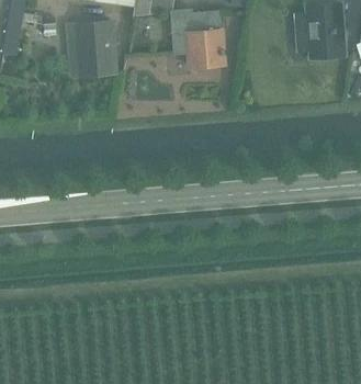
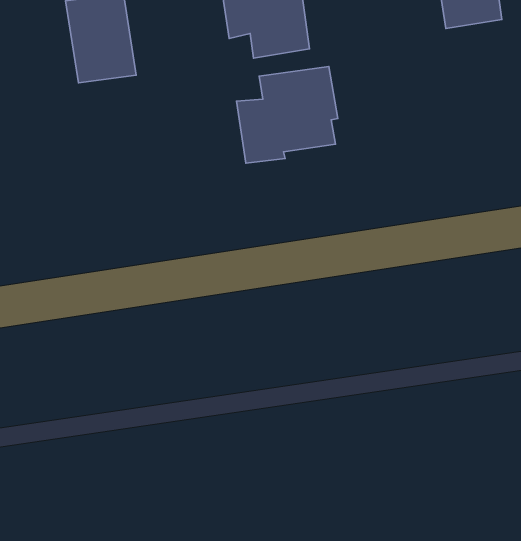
building: none -> [237,67,338,163]

